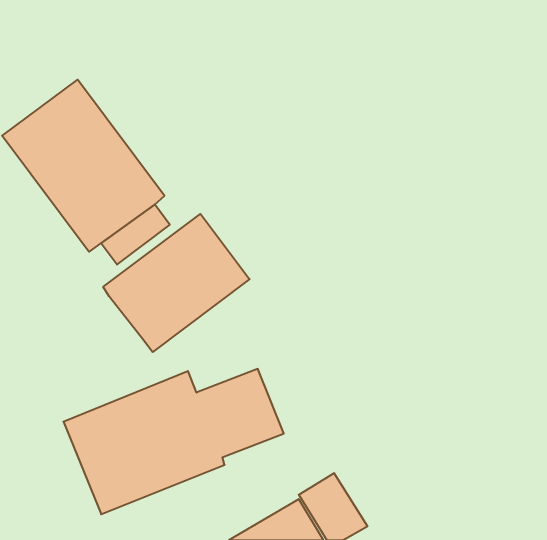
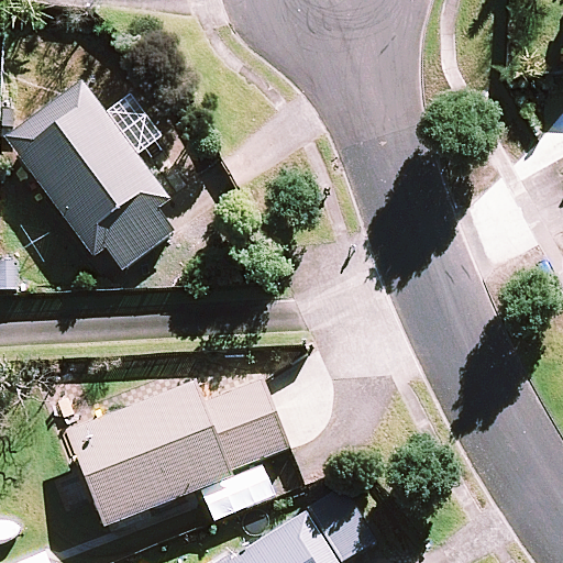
building: [103,214,250,352] -> none

